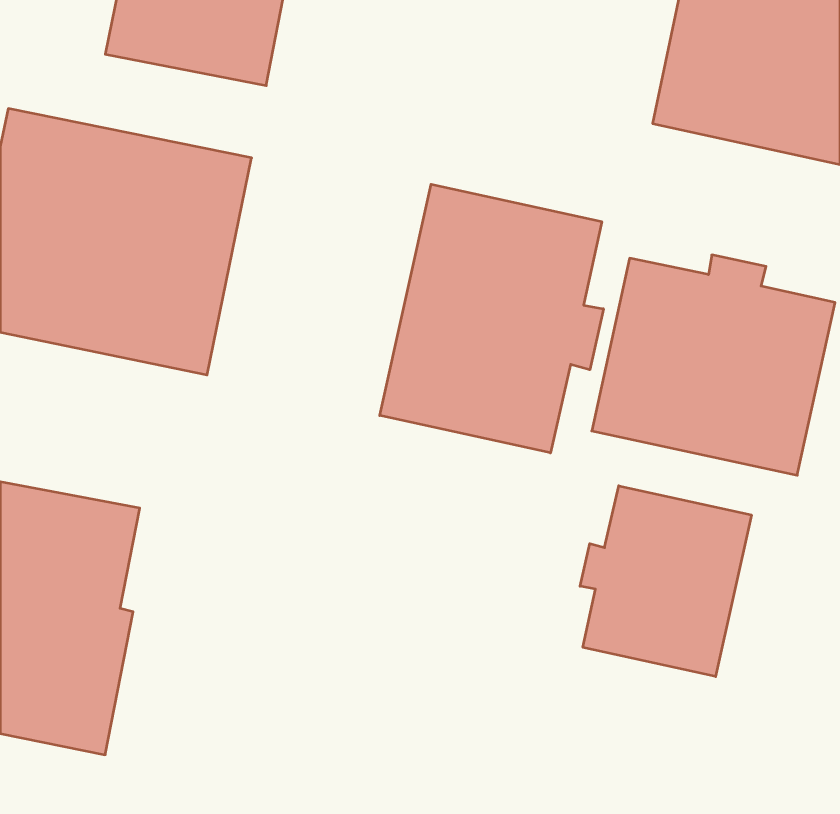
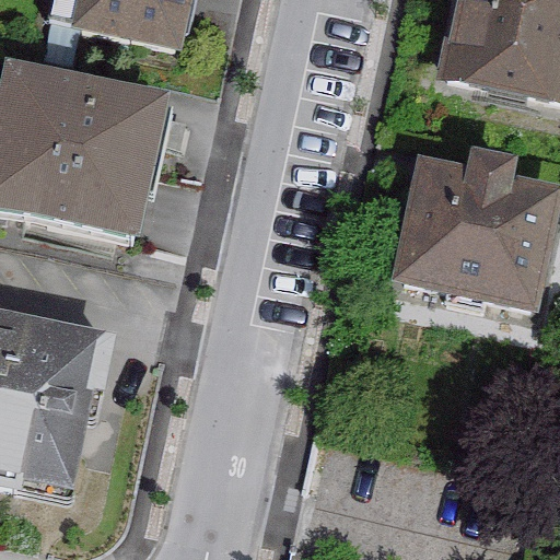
building: [380,184,603,453] -> none
building: [580,486,751,677] -> none

